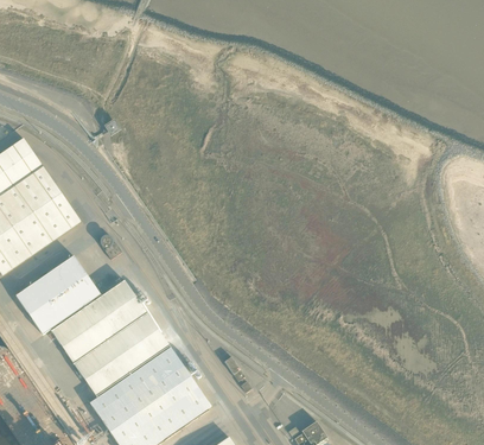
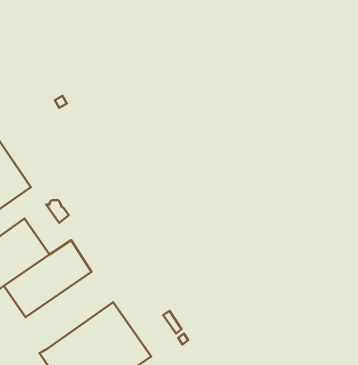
building: [74,313,170,398] -> none

